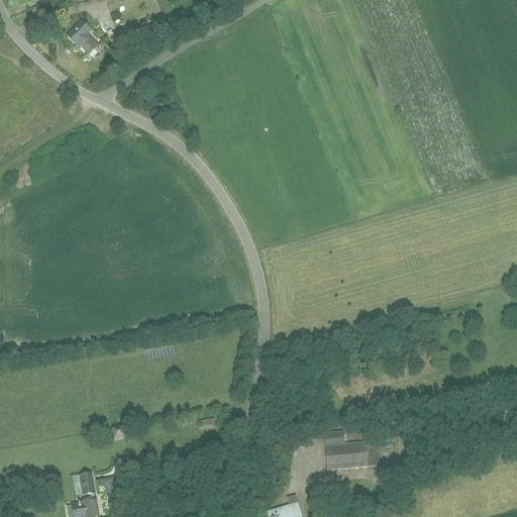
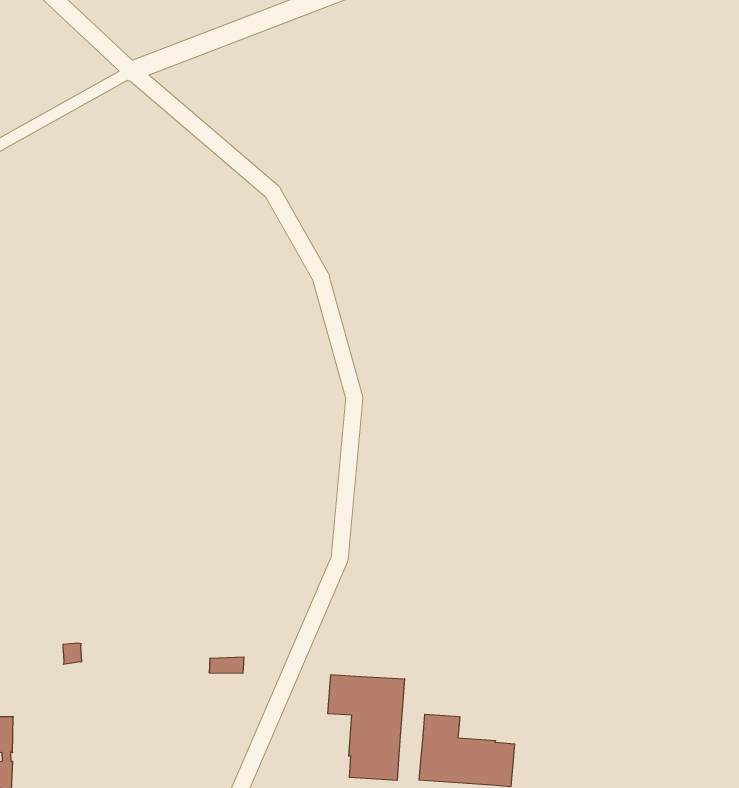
building: none -> [328,675,404,780]

